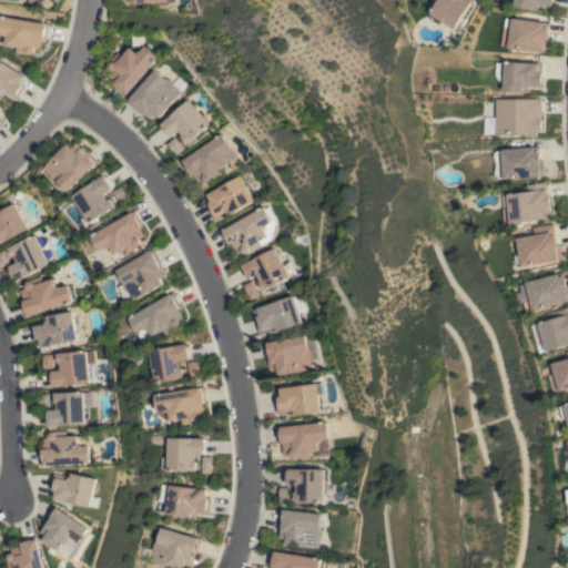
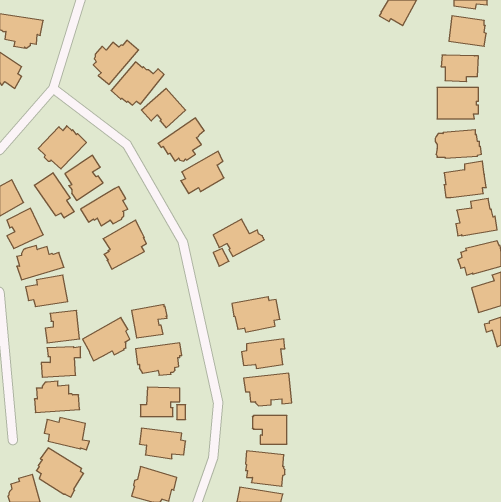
building: none -> [34,173,74,218]
building: [219,205,276,254] -> none
building: [129,293,182,342] -> [83,317,130,361]
building: [253,293,306,333] -> none

